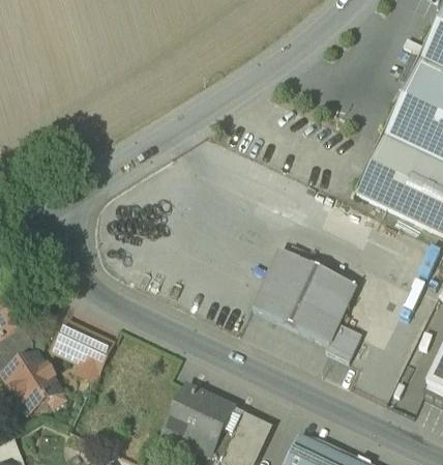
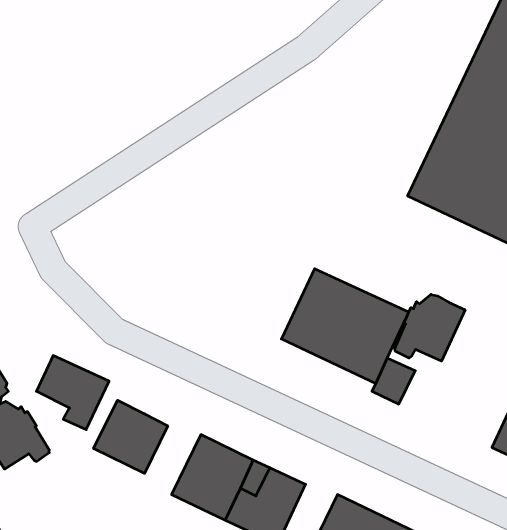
building: none -> [395,294,465,361]
building: none -> [94,400,168,473]

